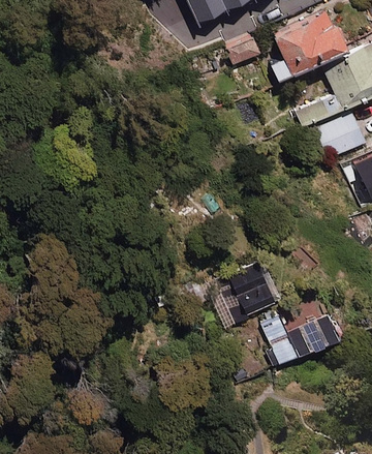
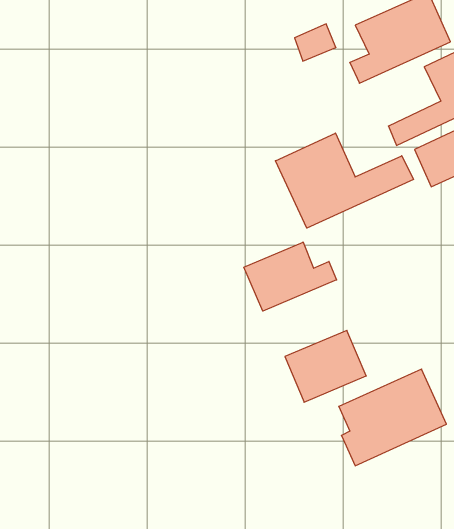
building: none -> [275,133,413,228]
building: none -> [244,242,337,311]

